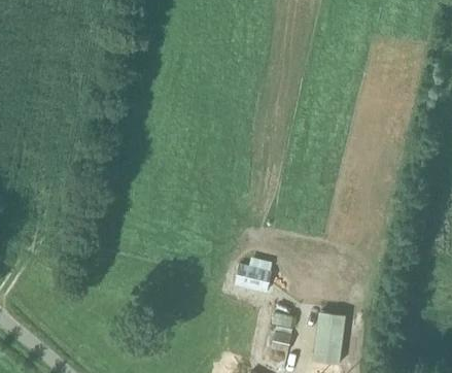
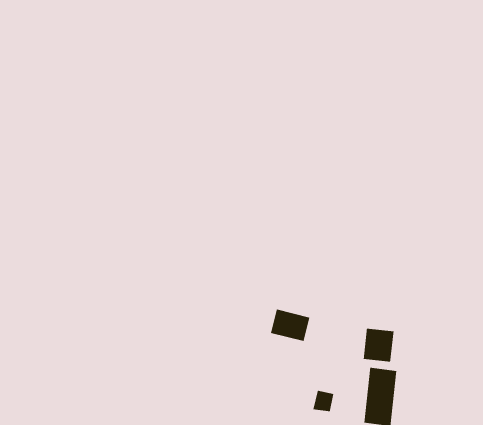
building: none -> [363,328,394,362]

